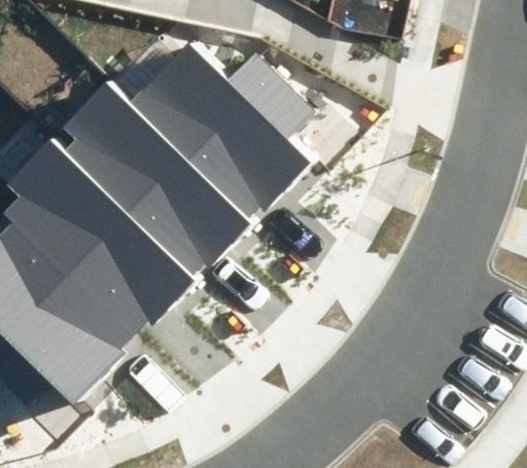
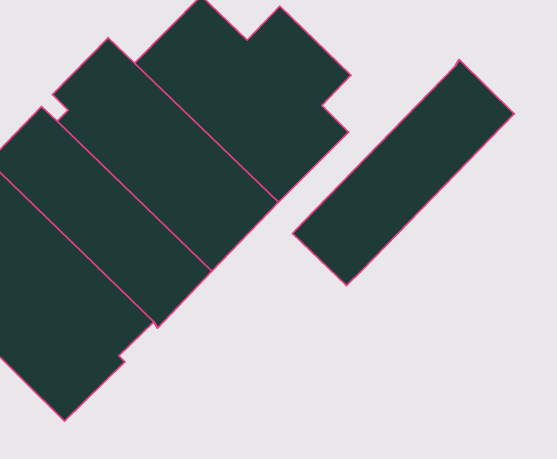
building: none -> [293,60,514,286]

